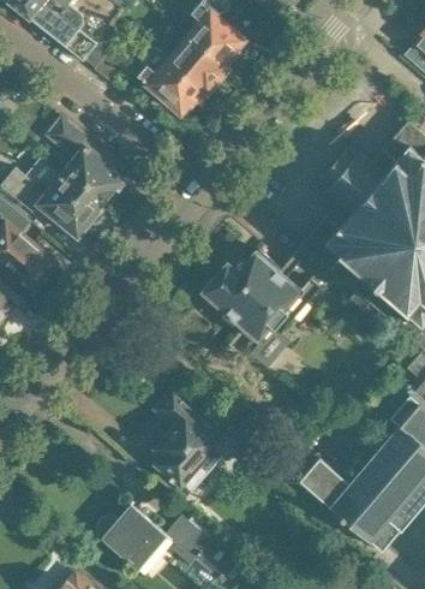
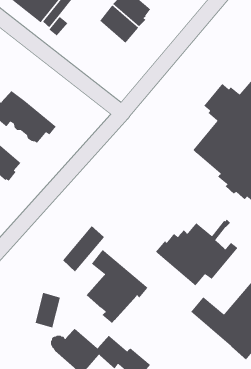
building: [133,48,206,114] -> none
building: [47,118,125,212] -> none
building: [199,245,321,344] -> [155,219,238,287]
building: none -> [62,225,105,273]
building: none -> [35,292,61,328]

